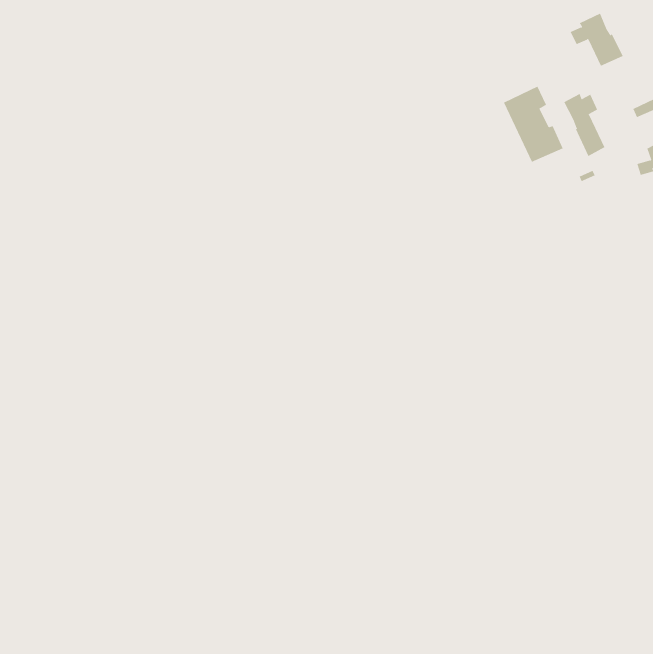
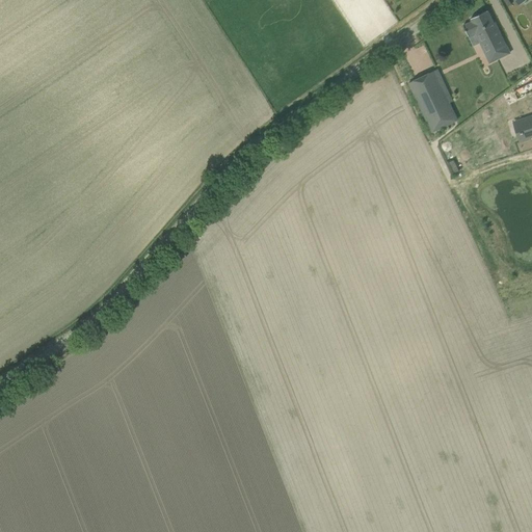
building: [563,93,605,157] -> none

